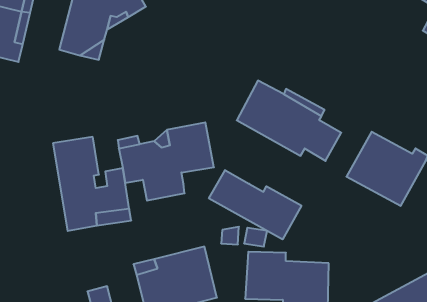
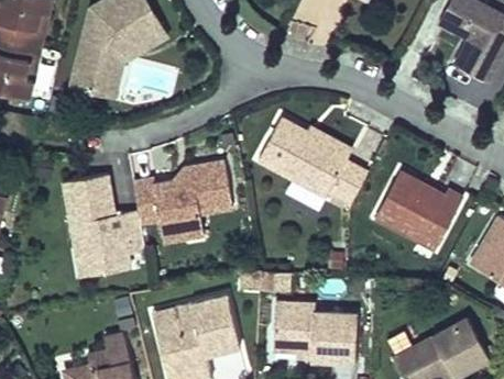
building: [209,170,301,239] -> none

